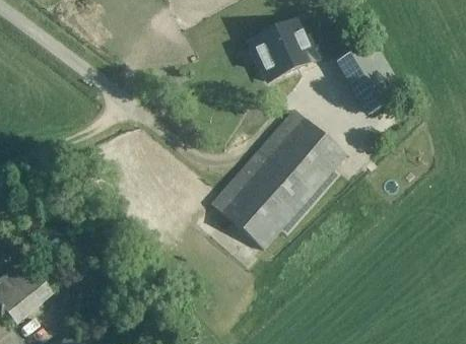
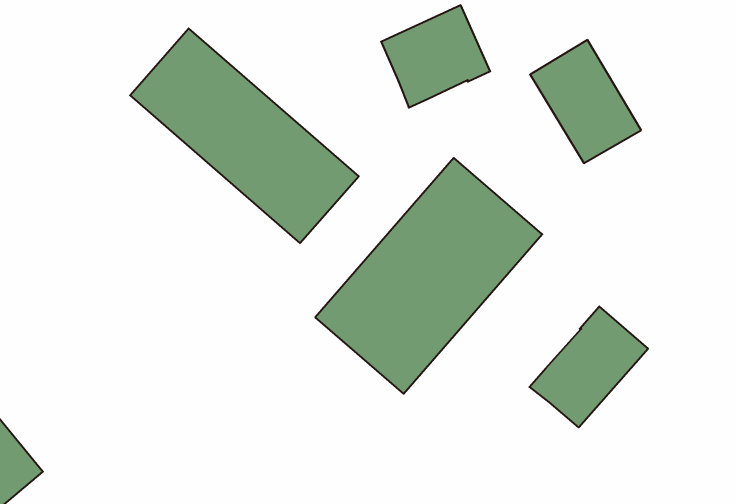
building: none -> [130,28,359,243]
building: none -> [529,306,648,427]

